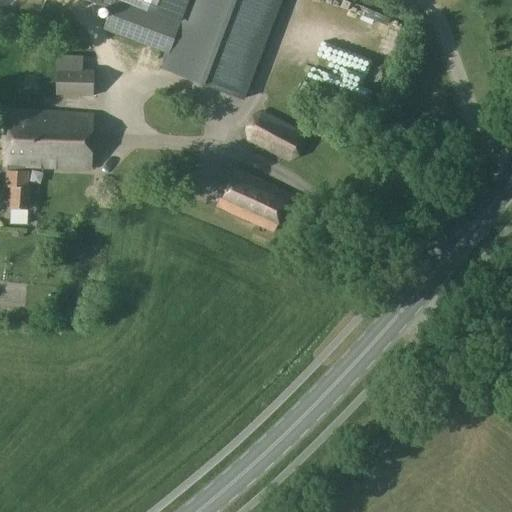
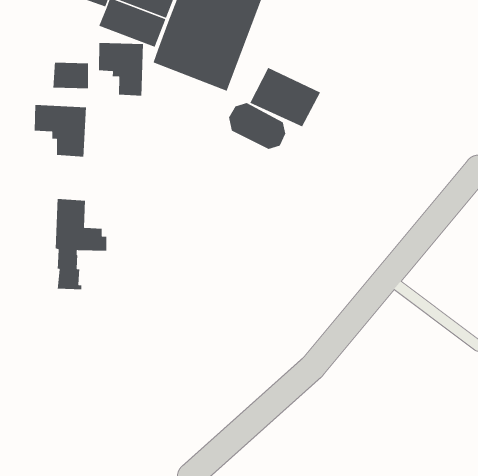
building: none -> [98,42,144,96]
building: [4,109,60,207] -> [55,198,107,290]
building: [216,165,293,230] -> [249,67,321,128]

